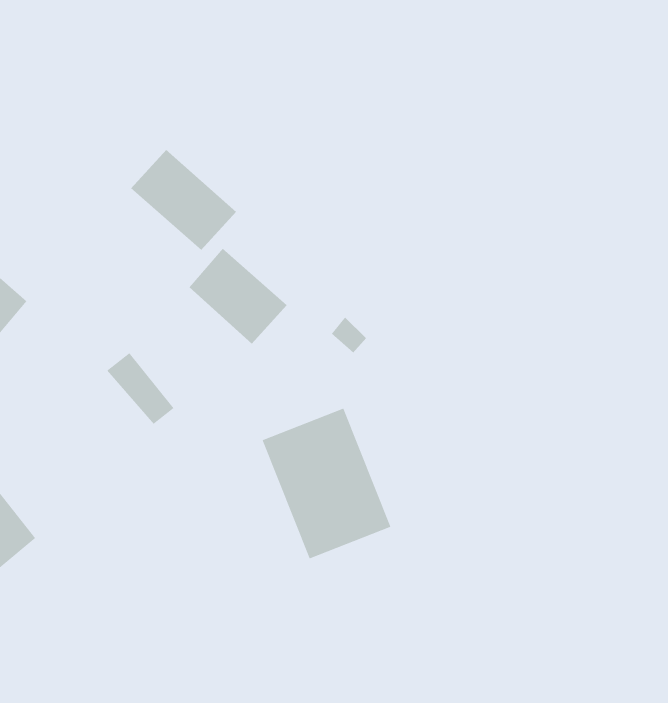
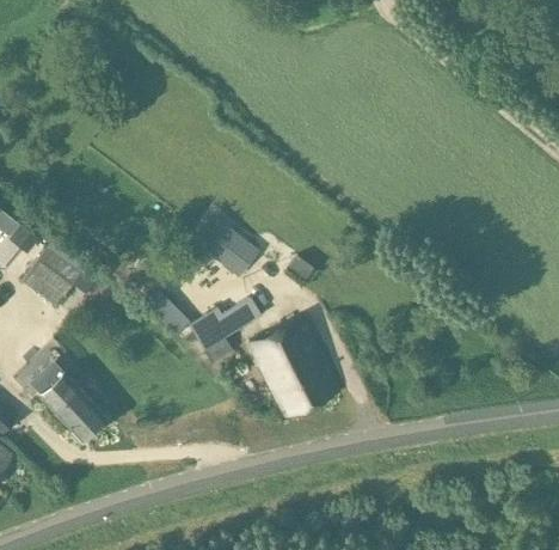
building: [130,149,237,251] -> none
building: none -> [189,297,260,362]

